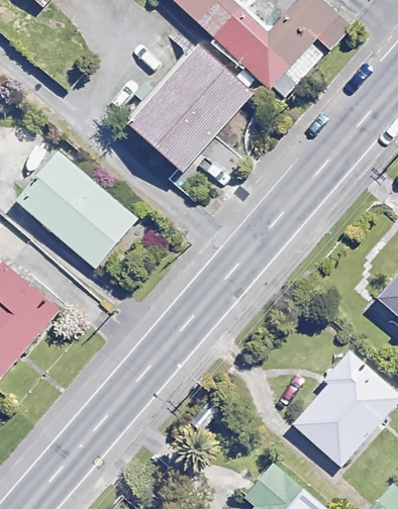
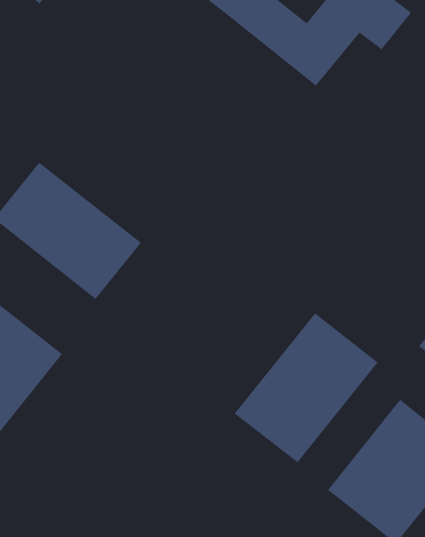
building: [121,40,258,181] -> none
building: none -> [234,312,378,463]

